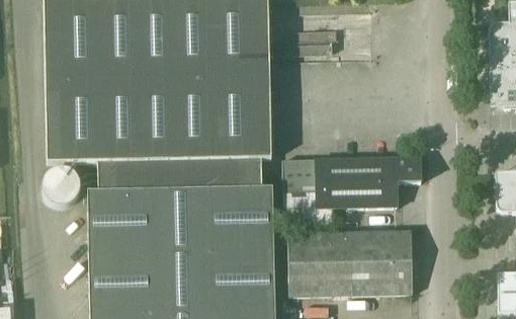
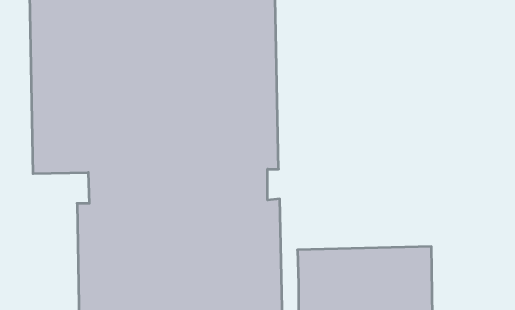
building: [283,156,422,224] -> none

